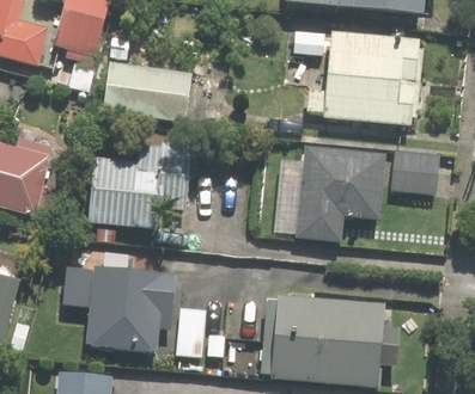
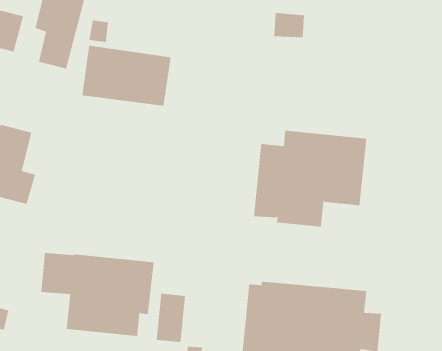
building: [305,30,422,124] -> none
building: [87,140,191,228] -> none
building: [390,147,439,195] -> none

